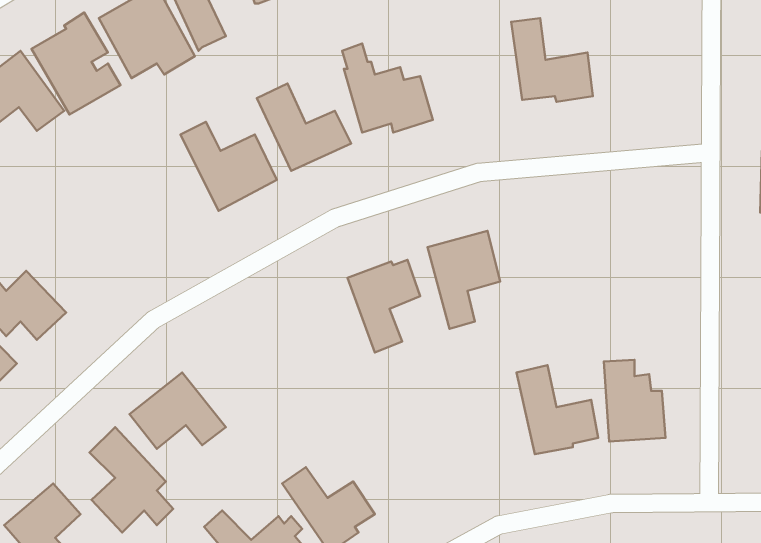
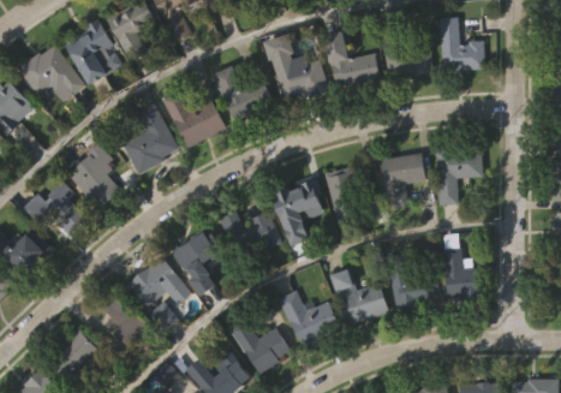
building: none -> [438,17,484,71]
building: none -> [323,31,380,88]
building: none -> [123,103,178,174]
building: none -> [70,143,130,208]
building: none -> [436,148,482,206]
building: none -> [378,153,426,208]
building: none -> [219,210,282,263]
building: none -> [169,224,222,298]
building: none -> [330,269,388,326]
building: none -> [277,290,341,349]

